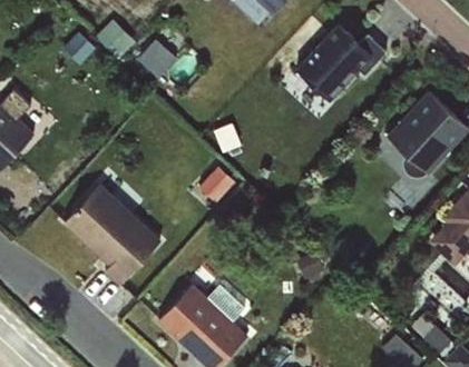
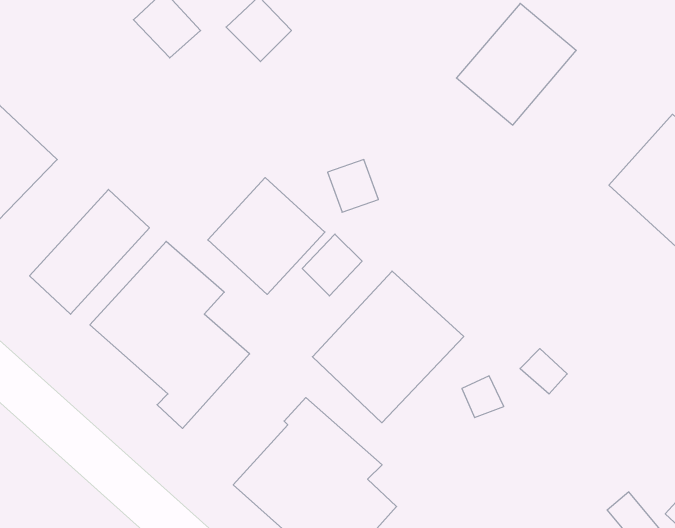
building: none -> [208,178,325,294]
building: none -> [30,189,149,314]
building: none -> [312,271,464,423]

